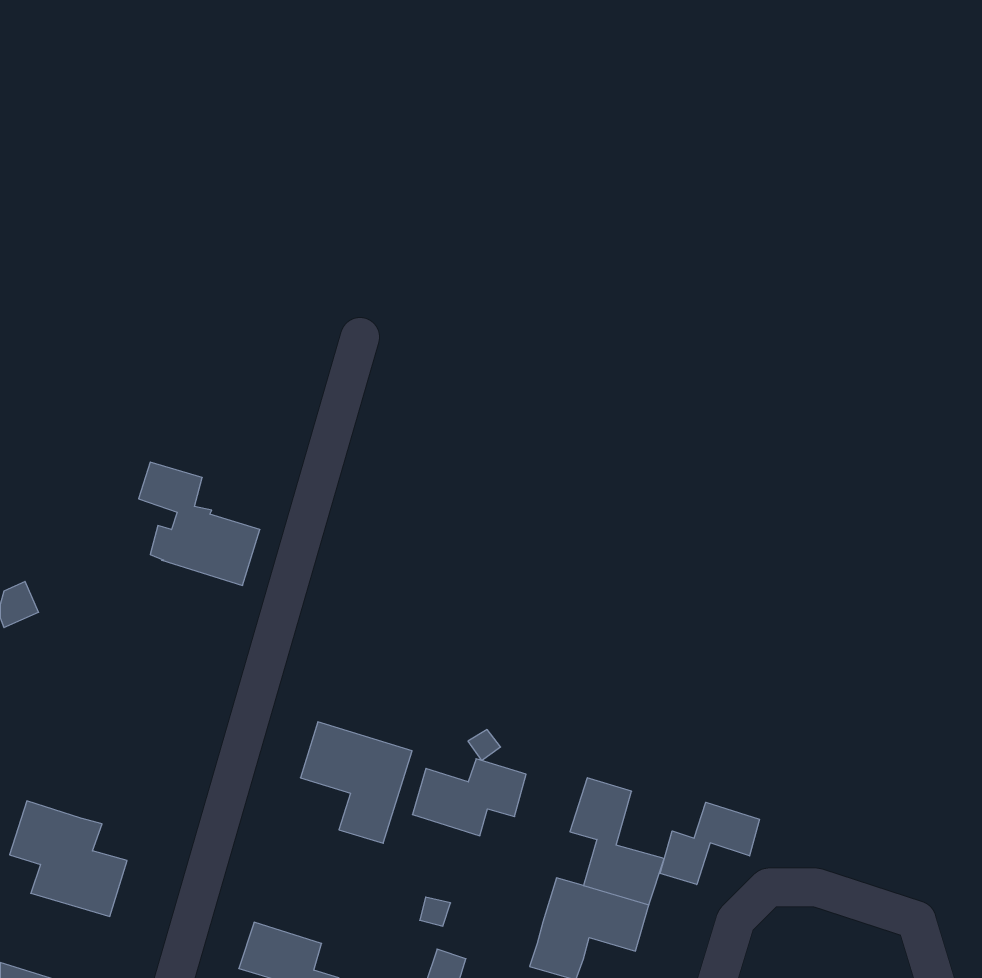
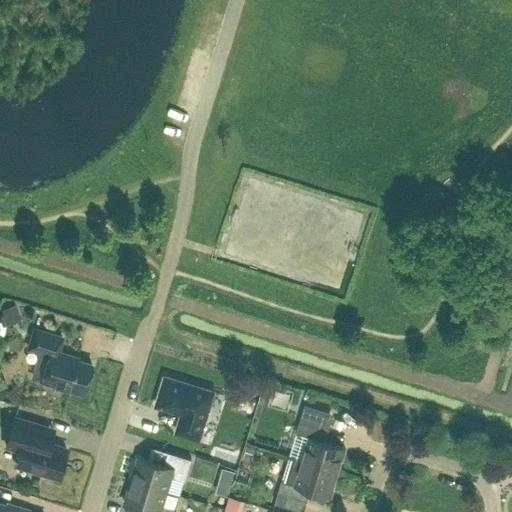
building: [139,462,260,585] -> [29,331,92,395]
building: [412,759,526,836] -> [133,453,192,493]
building: [660,802,760,885] -> none

